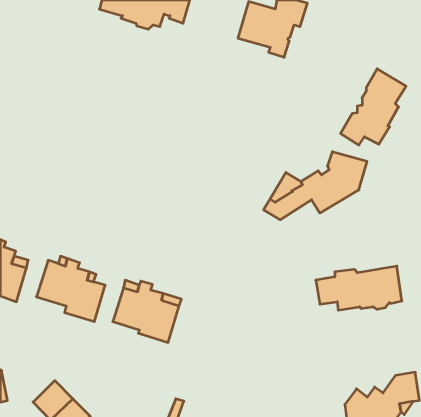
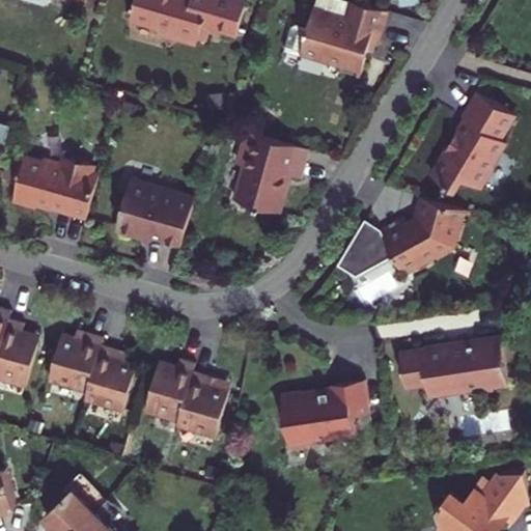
building: none -> [231,133,304,212]
building: none -> [12,160,99,221]
building: none -> [115,181,194,248]
building: none -> [281,376,369,444]

